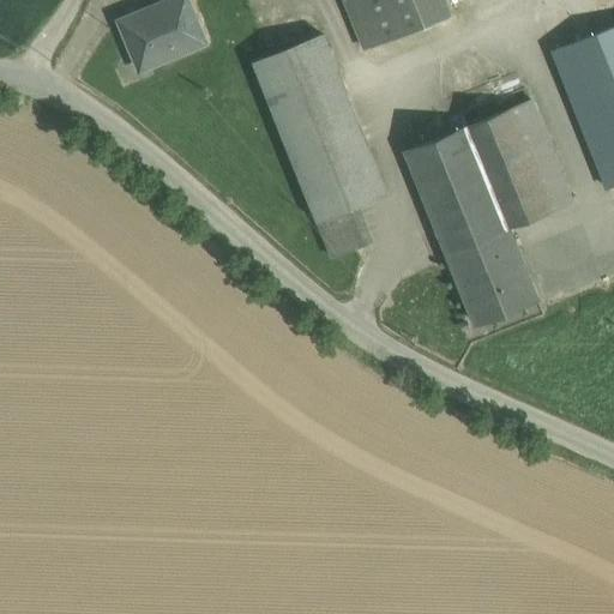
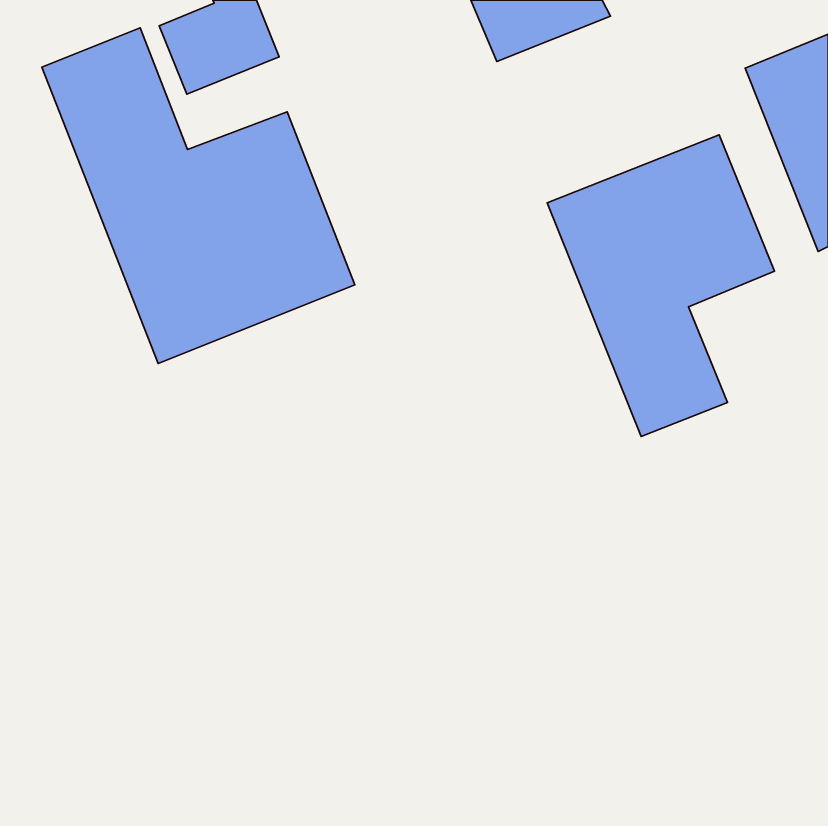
building: none -> [42,28,355,363]
building: [253,36,384,258] -> none

